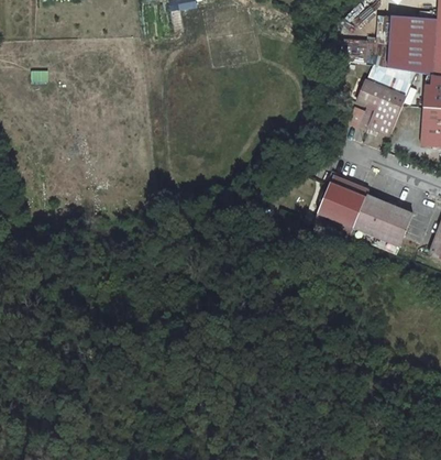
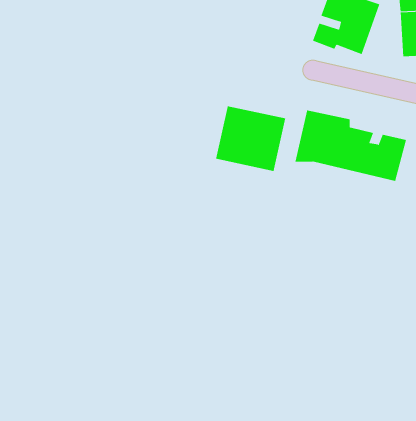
building: none -> [216,105,286,172]

